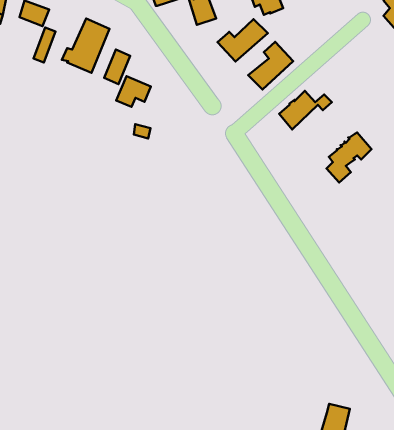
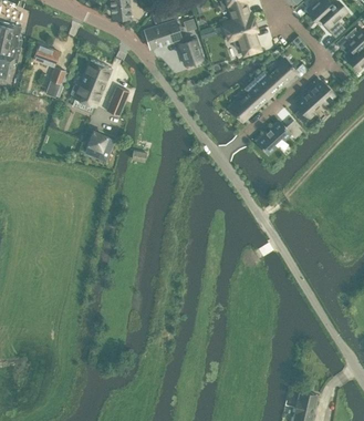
building: [218,19,268,62] -> [253,60,297,96]
building: [116,76,151,107] -> [84,132,114,158]
building: [326,132,371,183] -> [294,82,333,125]

